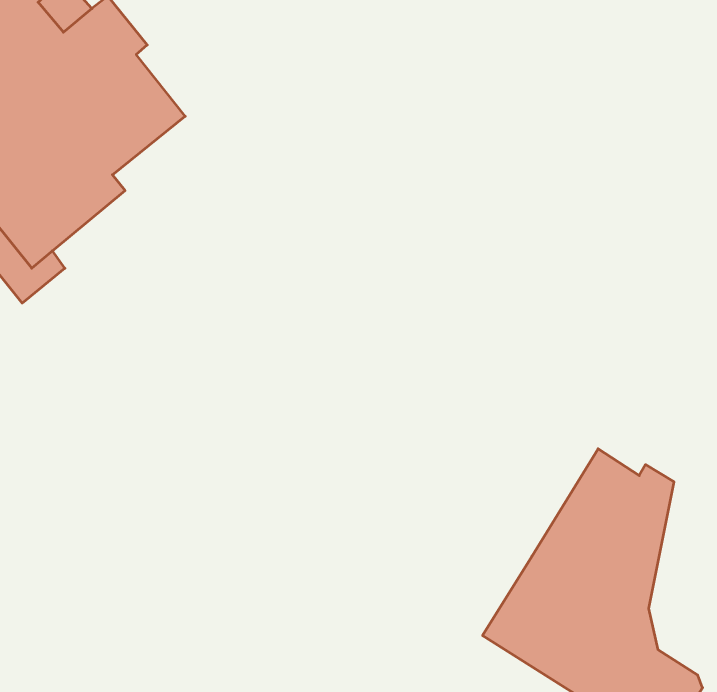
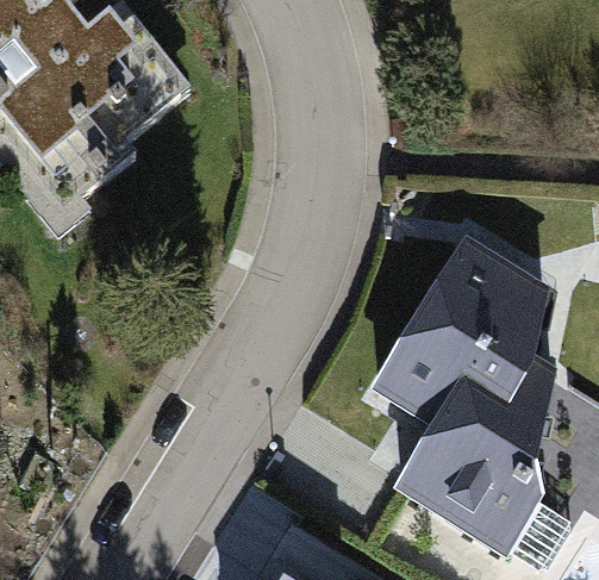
building: none -> [379,239,539,420]

